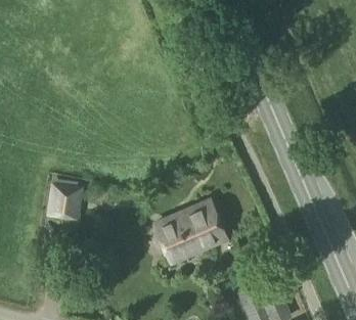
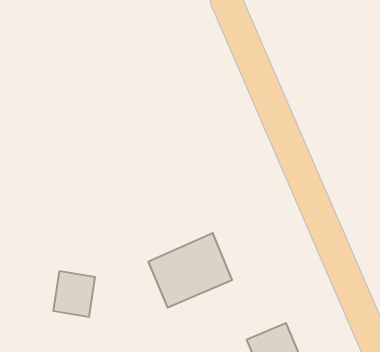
building: [47,181,83,220] -> [53,271,95,317]

